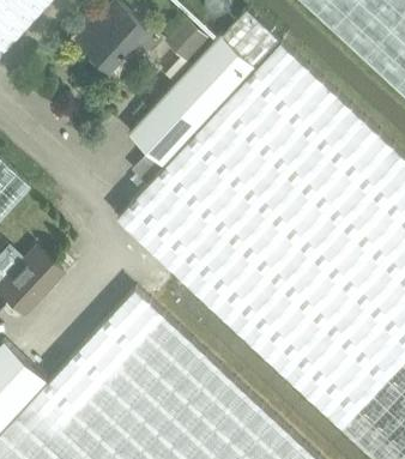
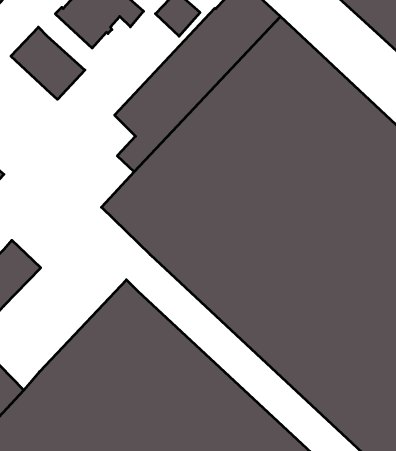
building: none -> [11,27,85,99]

